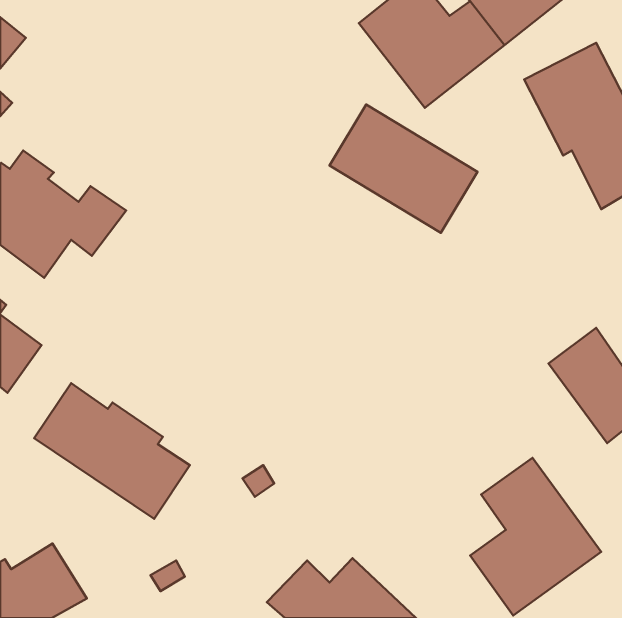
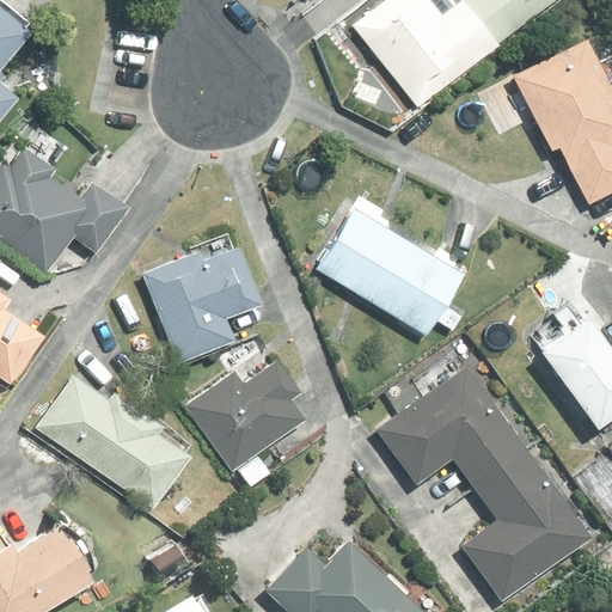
building: [329,104,478,233] -> [318,208,463,333]
building: none -> [145,249,261,361]
building: none -> [186,360,302,467]
building: none -> [377,365,524,484]

